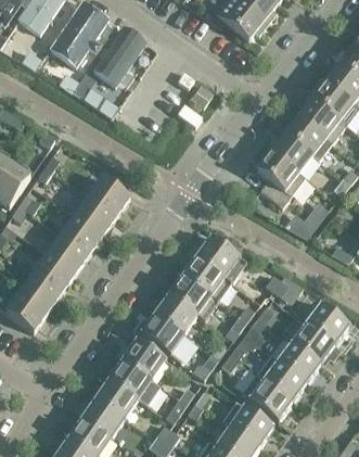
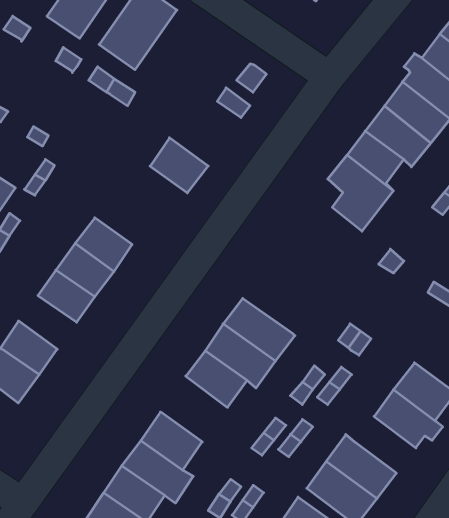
building: [88,177,130,217] -> [150,138,208,193]
building: [195,234,246,282] -> none
building: [33,254,75,293] -> none
building: [136,313,184,355] -> none
building: [277,342,321,383] -> none

